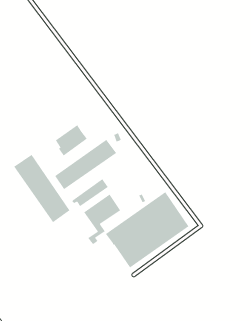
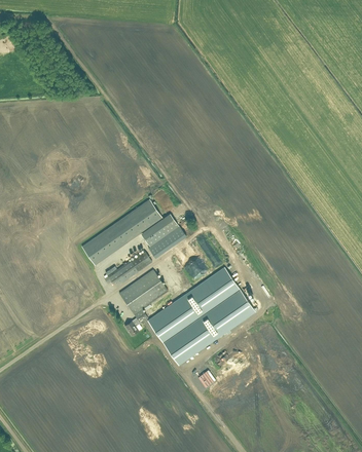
building: [55,124,88,156] -> [144,217,186,258]
building: [13,154,70,223] -> none

